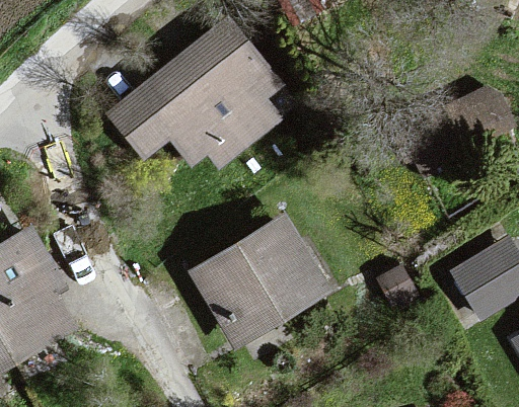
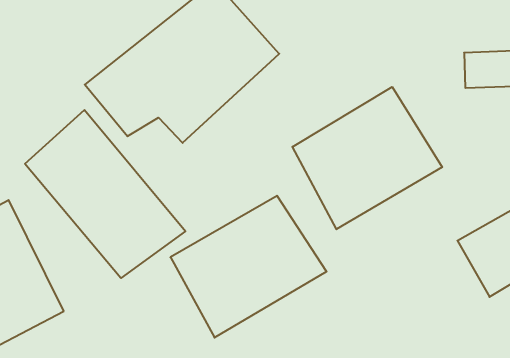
building: none -> [292,87,442,229]
building: none -> [25,110,185,278]

